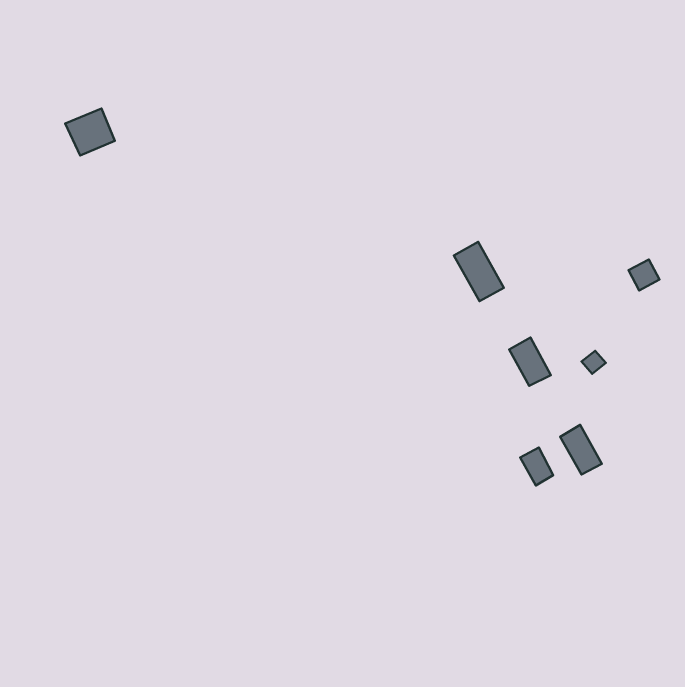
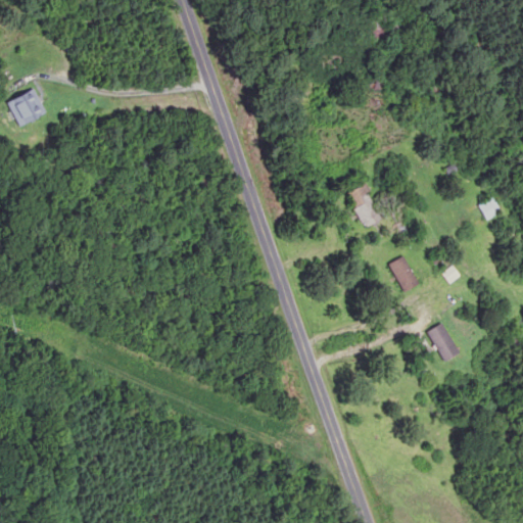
building: [65,109,115,156] -> [7,89,45,125]
building: [520,448,553,486] -> none

